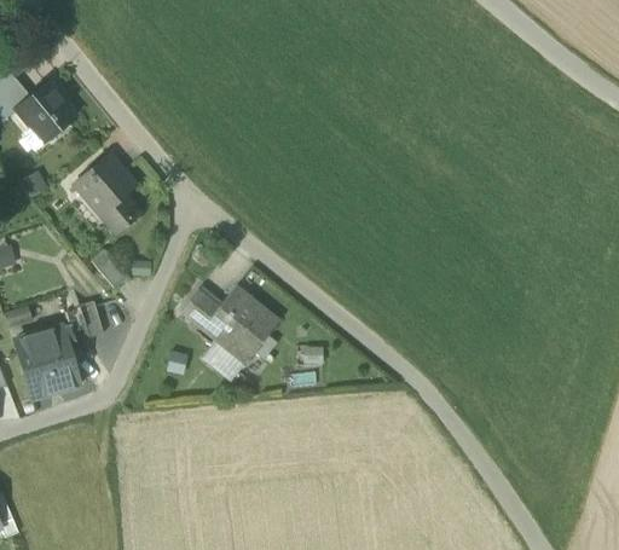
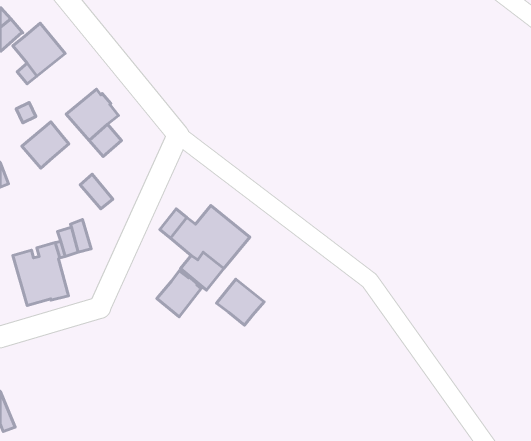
building: none -> [22,122,69,168]
building: none -> [157,271,201,317]
building: none -> [217,279,264,325]

